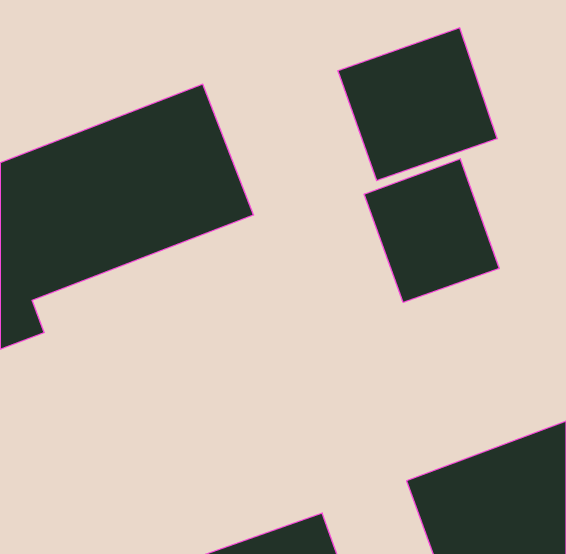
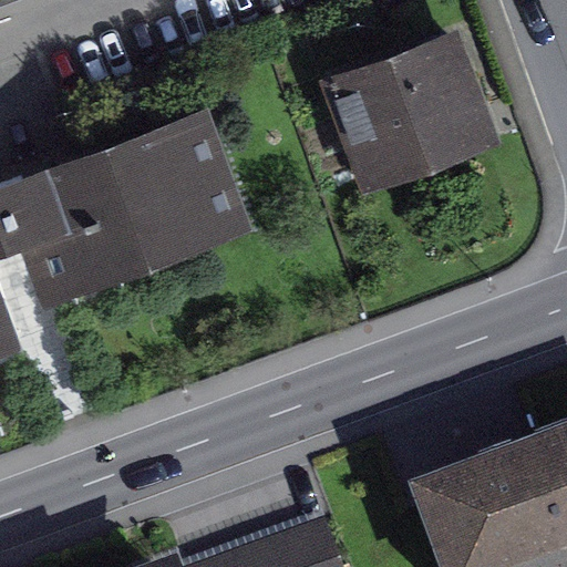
building: [364,159,499,302] -> none

